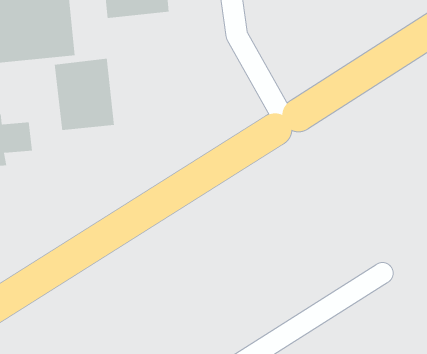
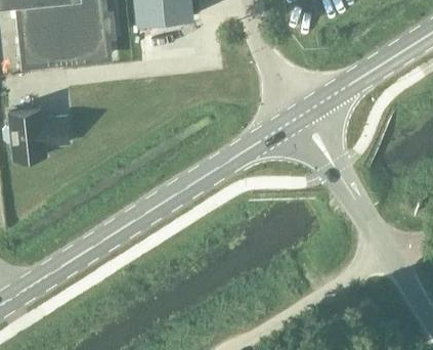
building: [54,58,114,131] -> none

